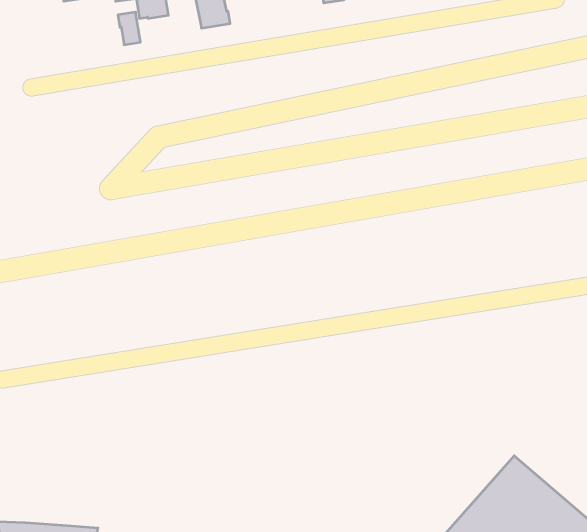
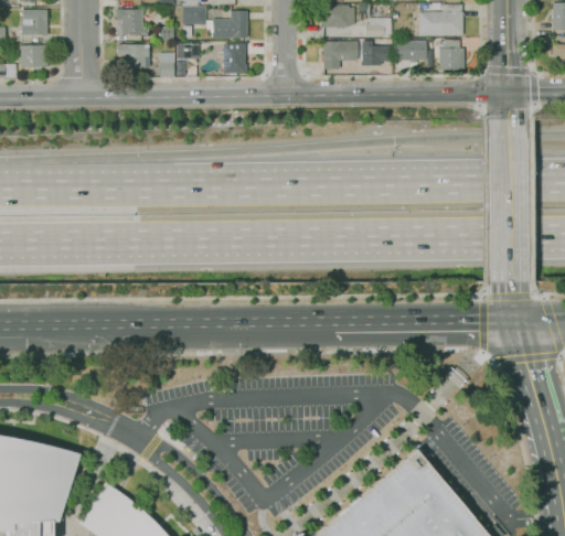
building: none -> [117,44,151,67]

